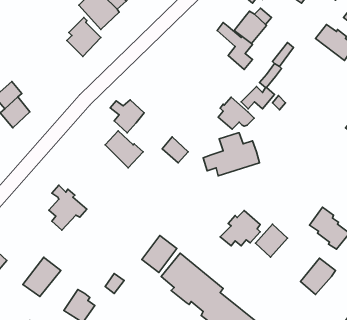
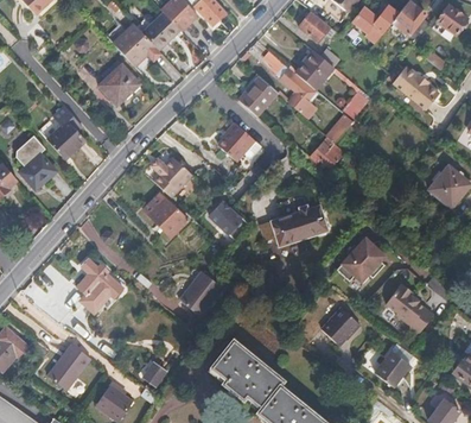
building: none -> [240,78,279,118]
building: none -> [46,106,84,158]
building: [218,97,254,129] -> [218,122,261,160]
building: [220,211,260,246] -> [336,239,383,280]
building: [142,235,177,273] -> [180,271,222,315]

